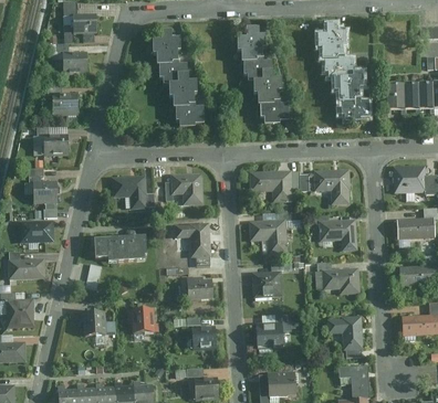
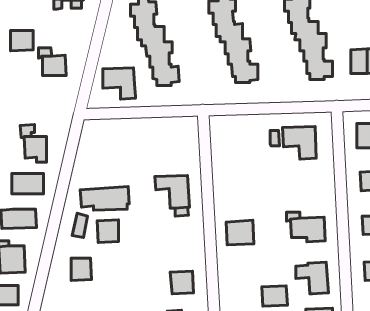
building: [62,51,86,73] -> [11,30,33,51]
building: [43,134,67,156] -> none
building: [248,170,292,202] -> none
building: [171,172,204,204] -> none
building: [112,174,147,209] -> [103,68,136,99]
building: [248,218,285,254] -> none
building: [317,219,355,241] -> none
building: [187,276,213,299] -> none
building: [131,308,154,332] -> [97,220,119,242]
building: [253,322,281,344] -> [262,286,287,306]

